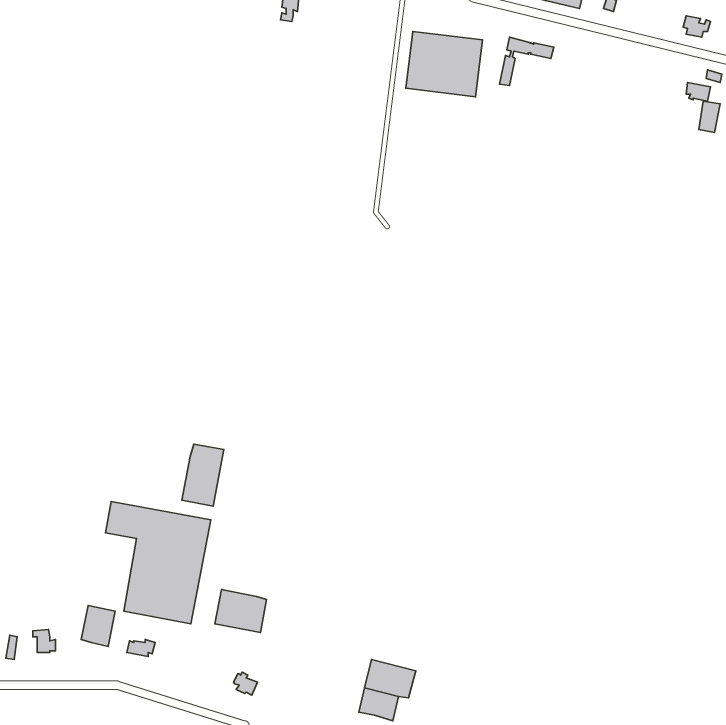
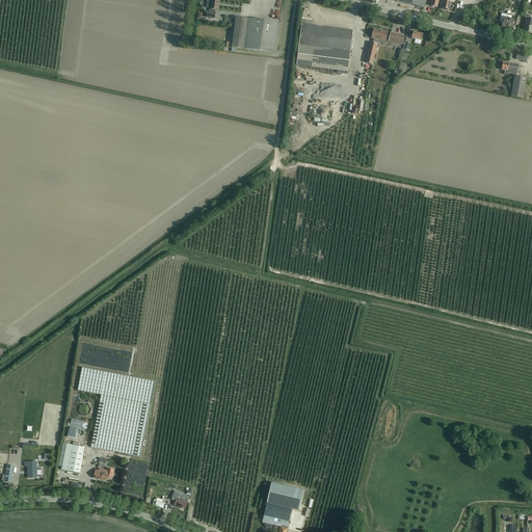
building: none -> [231,16,278,52]
building: [182,444,224,506] -> none
building: [215,590,266,632] -> none

